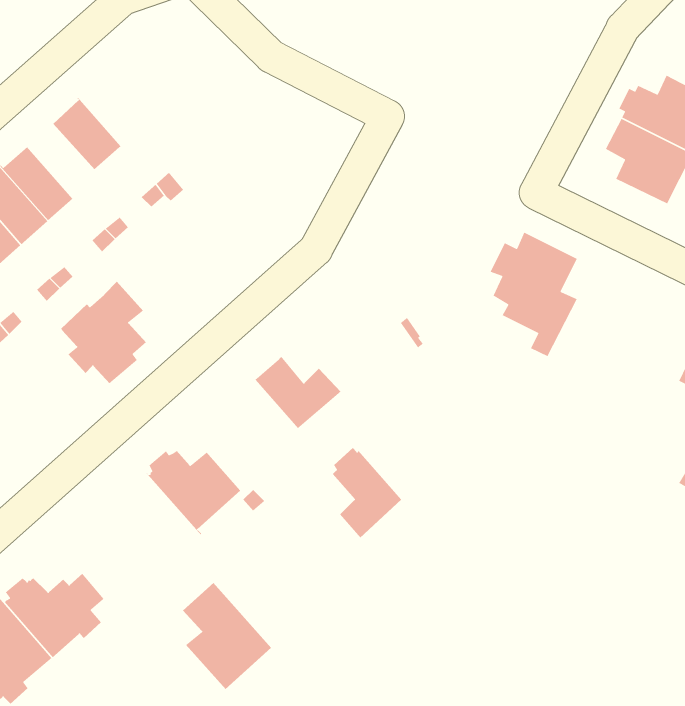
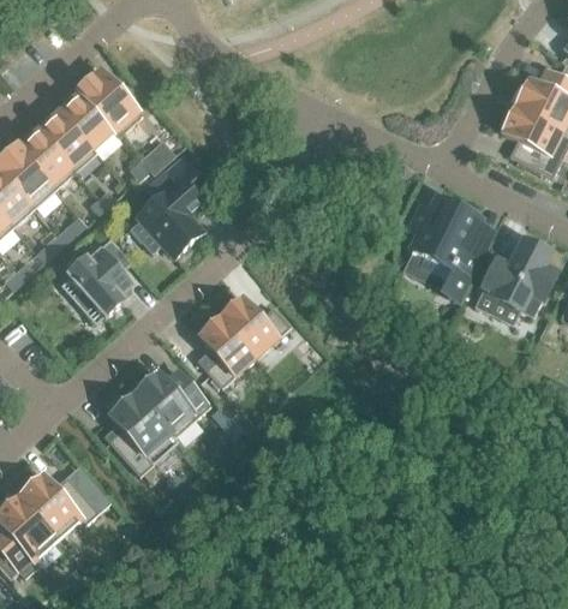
building: none -> [76,68,142,136]
building: none -> [38,111,94,171]
building: none -> [133,163,199,261]
building: none -> [474,240,556,315]
building: [332,447,402,539] -> [199,314,256,387]
building: [182,582,272,690] -> [106,388,178,474]

